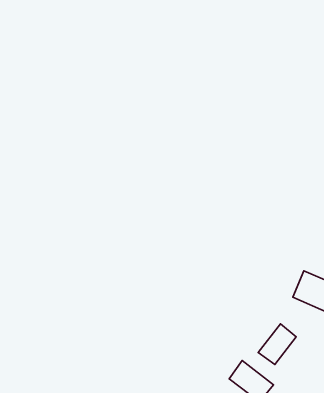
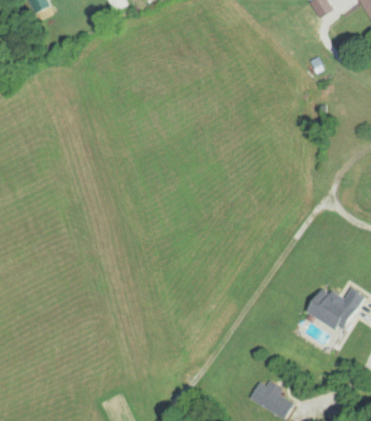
building: [258,324,296,365] -> none

